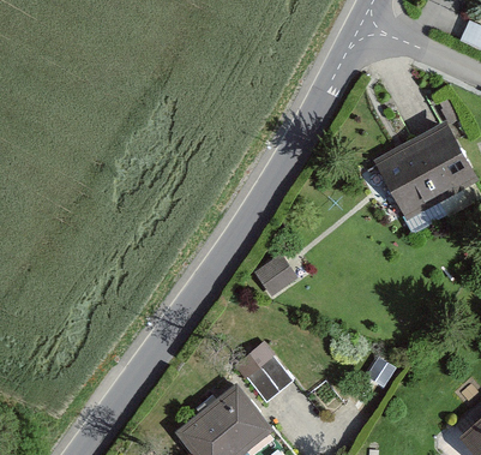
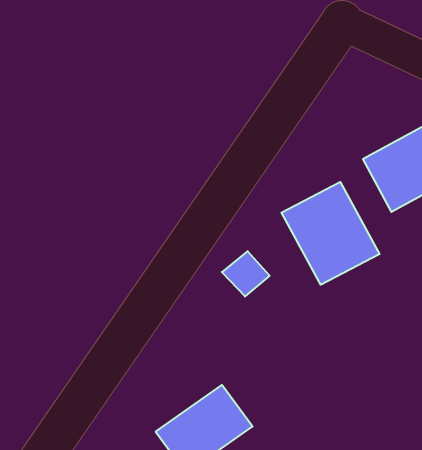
building: none -> [281,182,380,285]
building: [233,345,289,403] -> none

